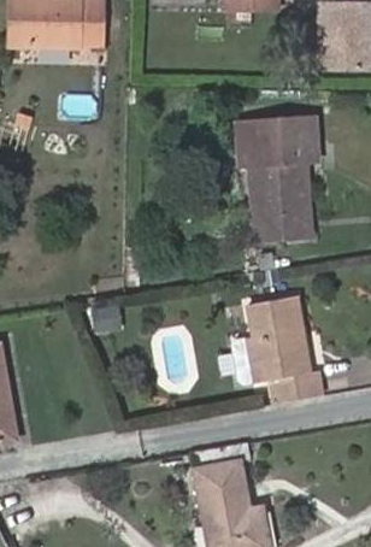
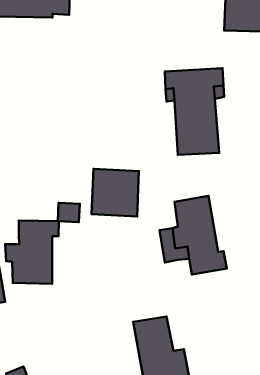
building: none -> [92,169,139,216]
building: none -> [5,220,59,284]

